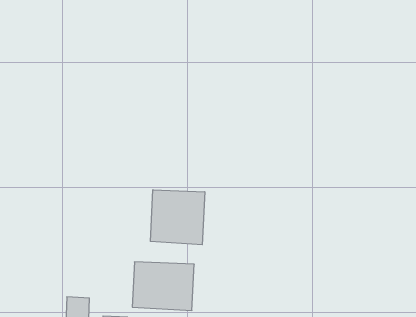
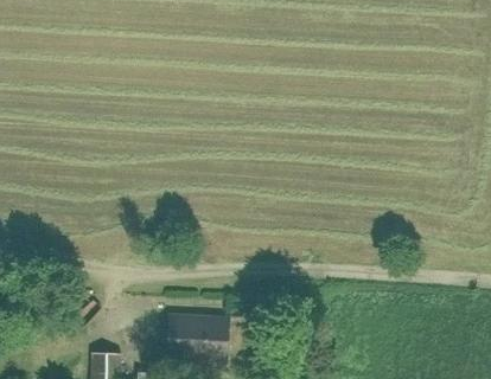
building: [150,190,205,245] -> none

